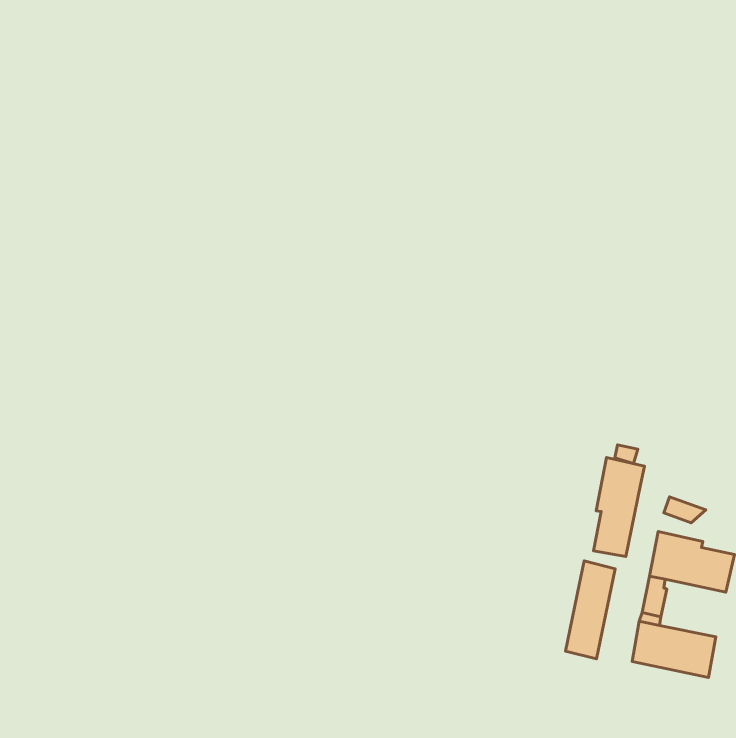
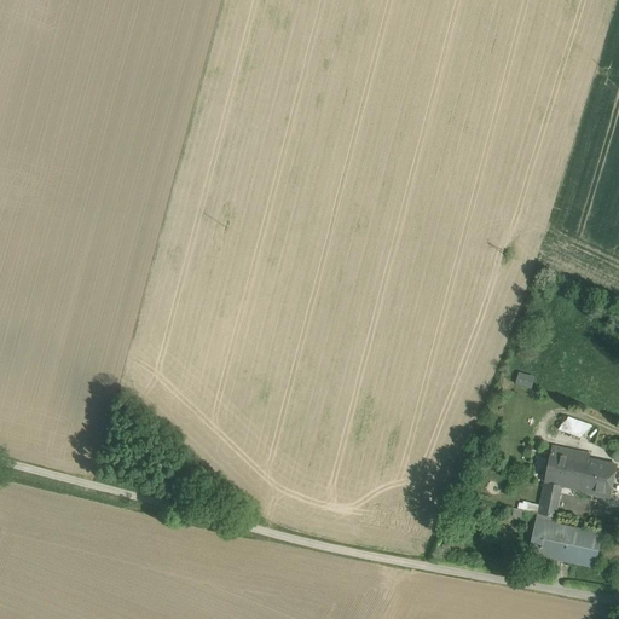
building: [593,457,645,557] -> none
building: [565,561,615,659] -> none

